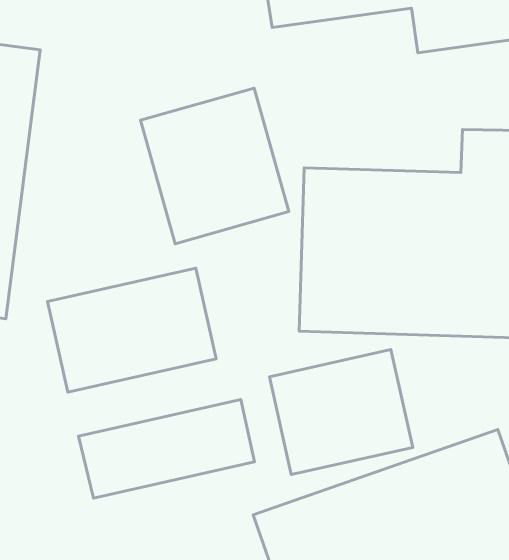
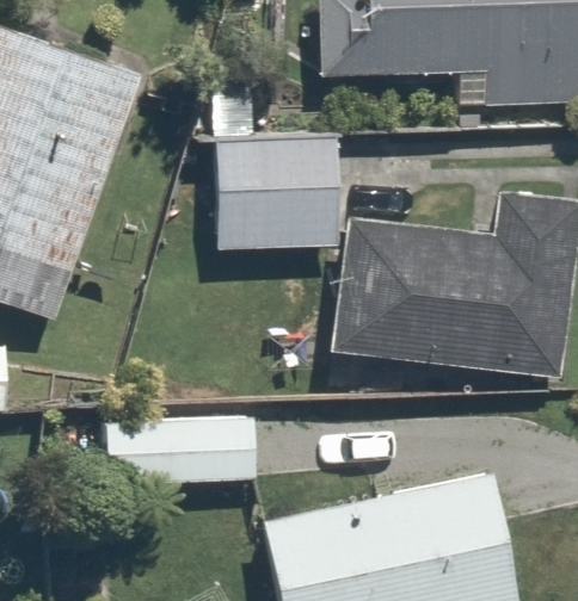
building: [48,268,216,392] -> none
building: [270,350,413,475] -> none

